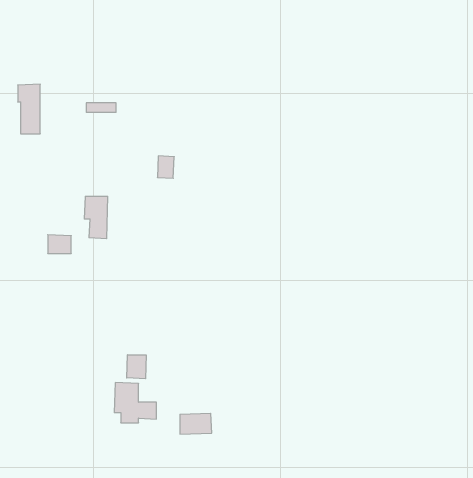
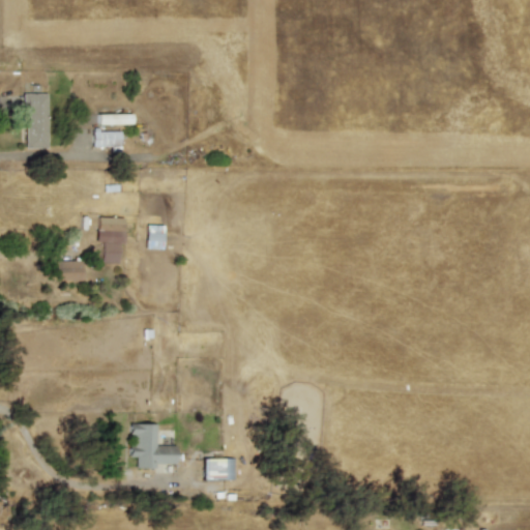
building: none -> [96,130,124,146]
building: [157,156,174,178] -> [148,225,167,249]
building: [127,355,146,379] -> none

